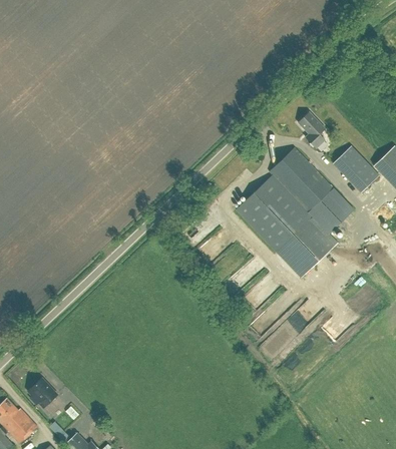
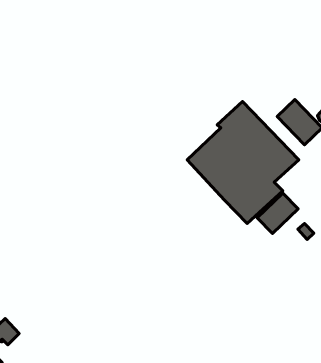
building: [300,114,326,149] -> none
building: none -> [257,193,298,234]

